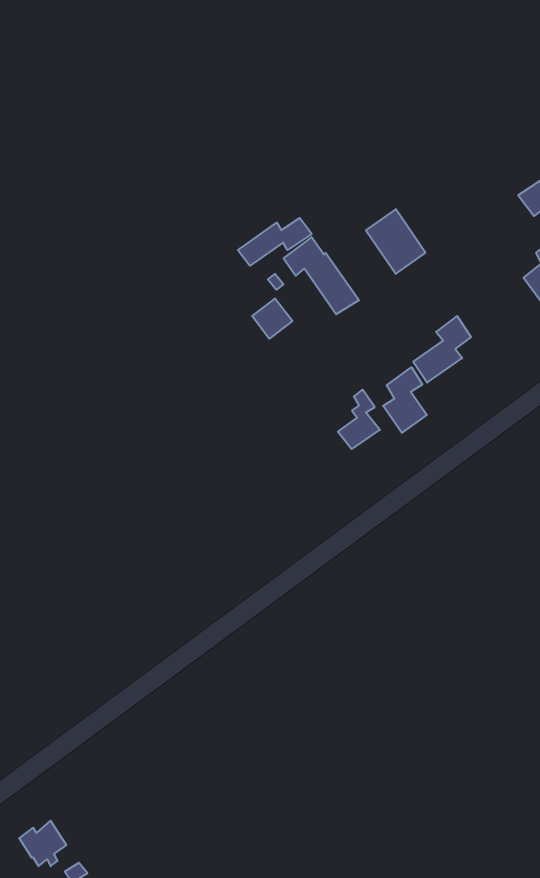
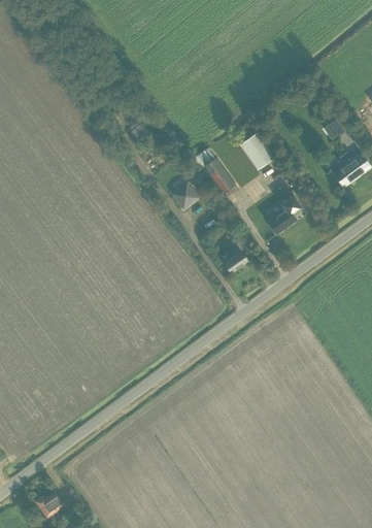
building: [238,218,312,266] -> none
building: [383,367,427,433] -> none

